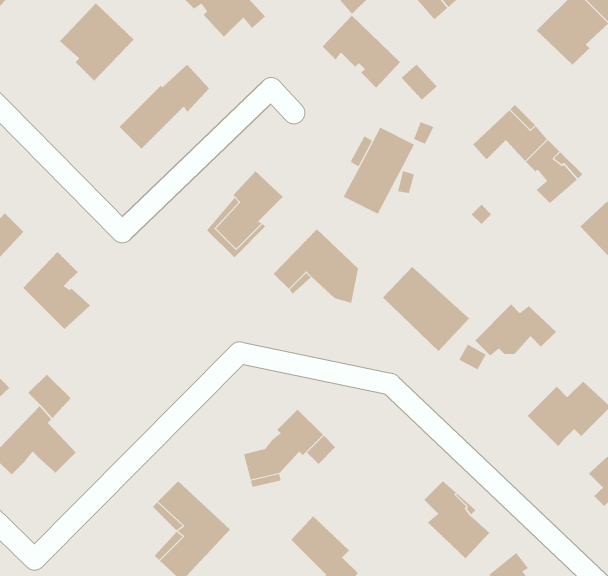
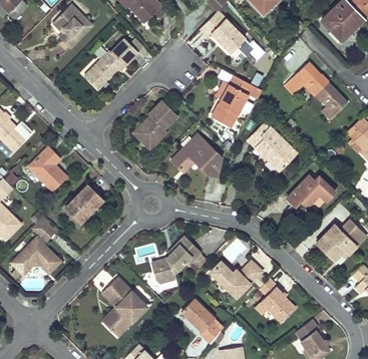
building: [382,266,470,352] -> [248,122,298,171]
building: none -> [64,185,102,223]
building: none -> [211,261,262,297]

